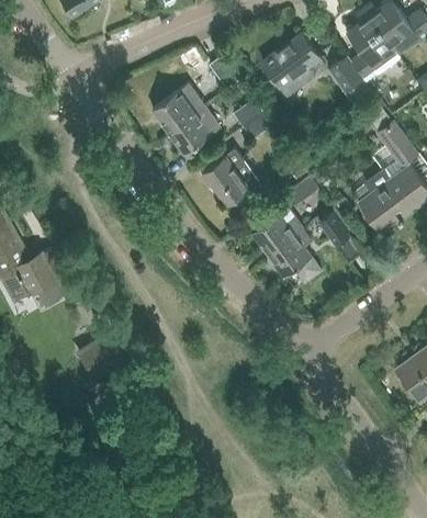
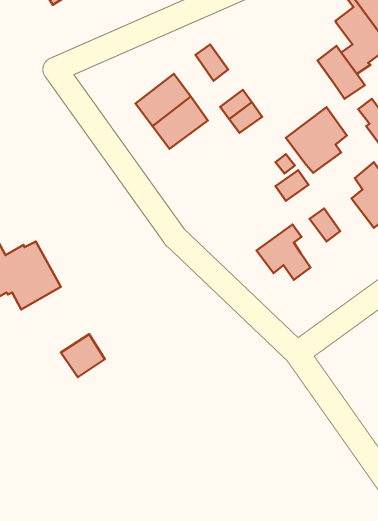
building: [261,32,321,95] -> [286,107,347,173]
building: [202,149,258,205] -> none
building: [251,207,303,254] -> none

